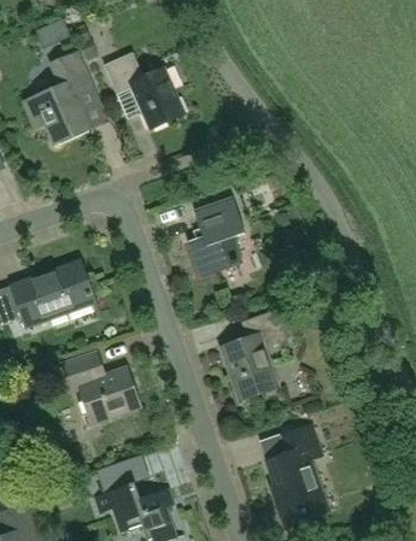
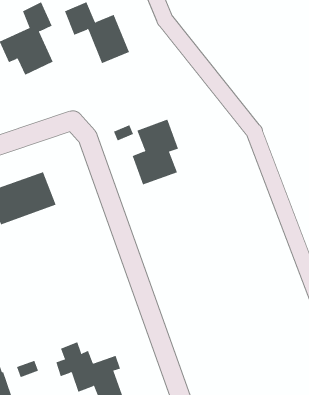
building: [222,307,287,396] -> none
building: [61,351,140,417] -> none
building: [265,422,327,523] -> none

